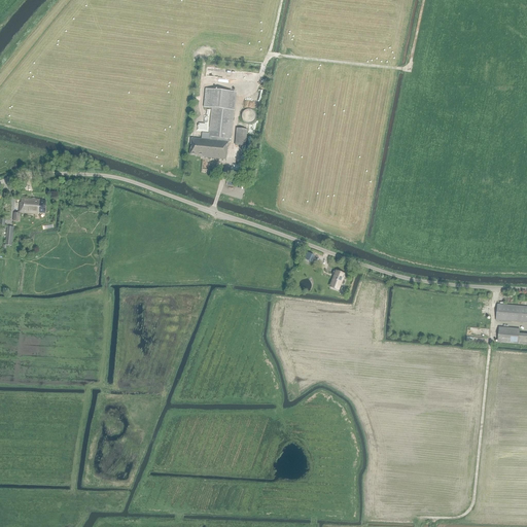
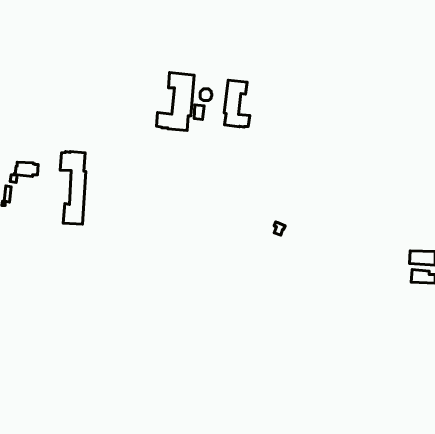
building: none -> [224,80,250,127]
building: none -> [60,151,86,224]

